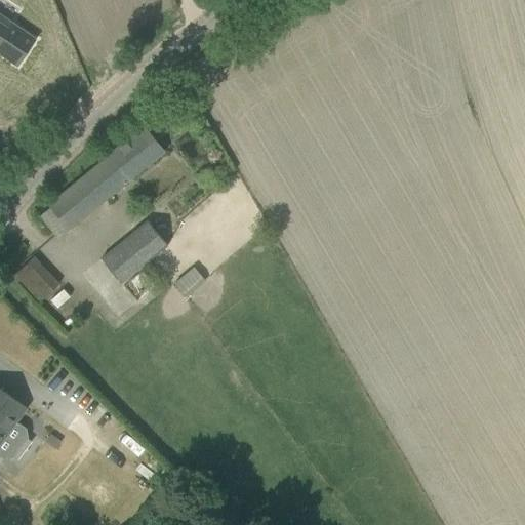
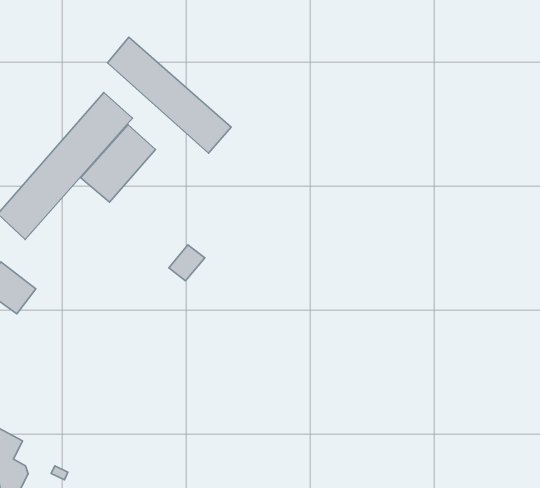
building: none -> [107,37,231,153]
building: [99,219,166,282] -> [81,125,155,202]

